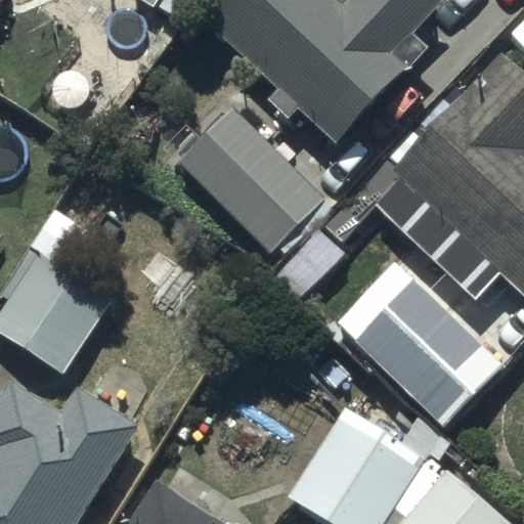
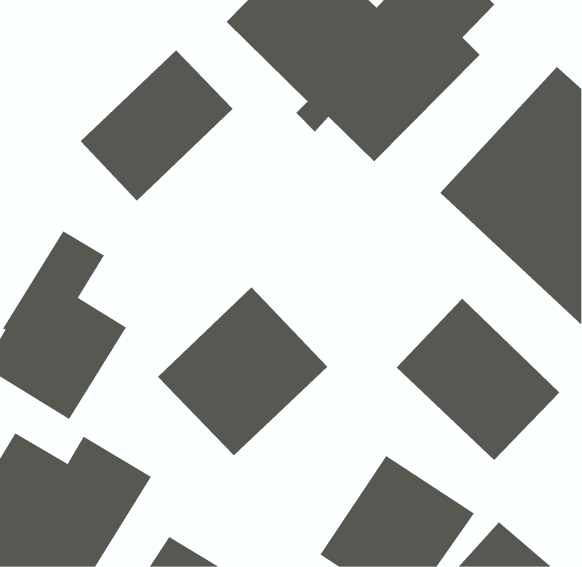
building: none -> [80,49,233,202]
building: [173,107,329,265] -> none
building: none -> [157,286,328,456]

